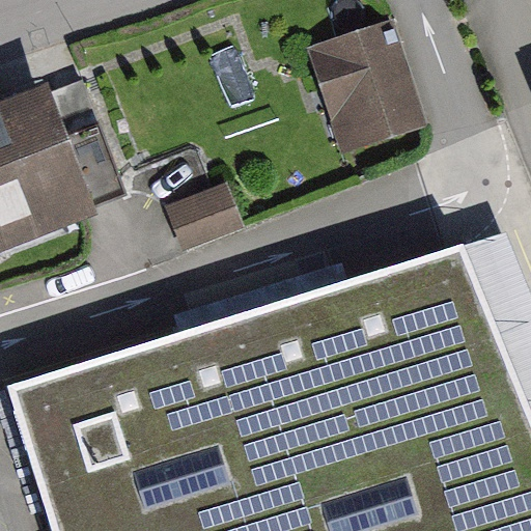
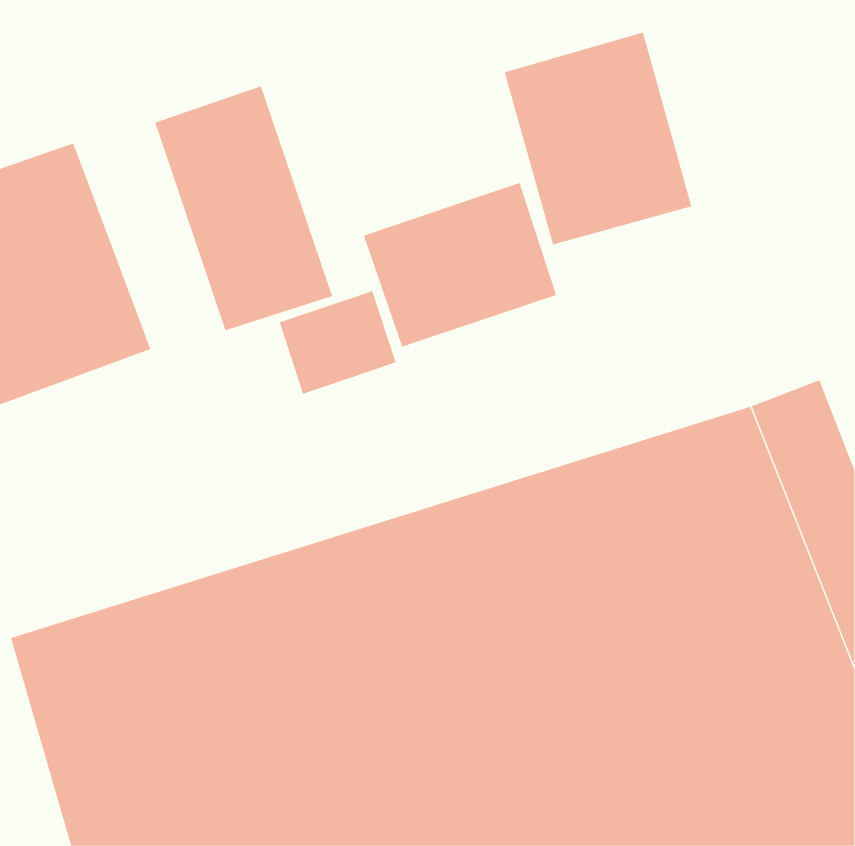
building: none -> [154,86,333,331]
building: none -> [363,182,557,348]

